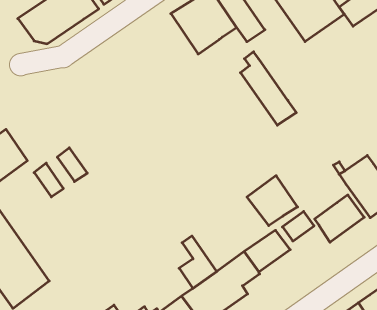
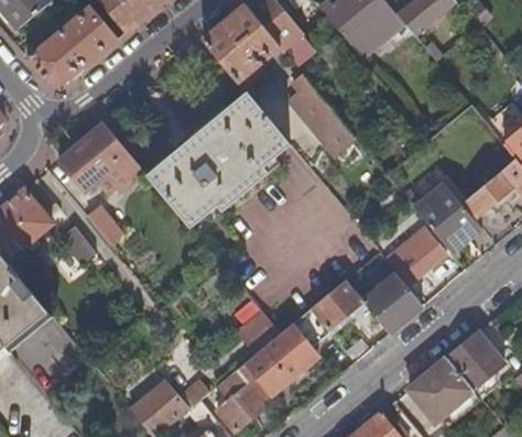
building: none -> [149,91,287,225]
building: none -> [58,121,144,195]
building: [247,176,298,226] -> [362,273,422,331]

